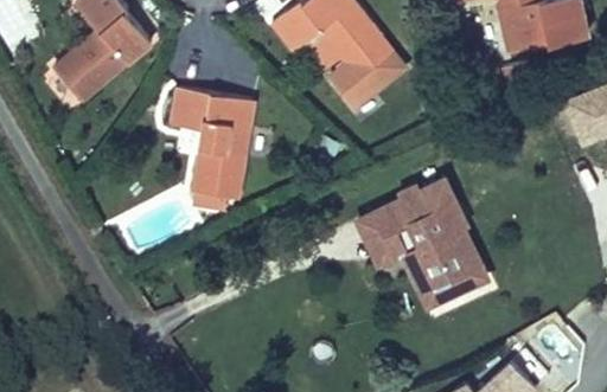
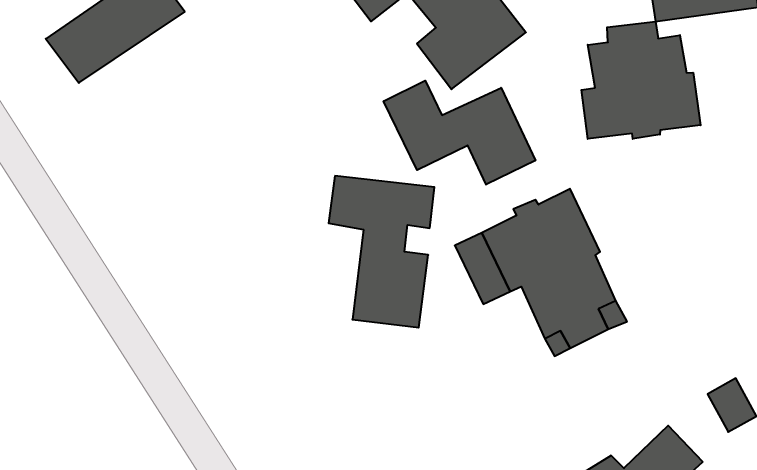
building: none -> [581,21,701,139]
building: [172,90,251,204] -> [329,176,434,328]
building: none -> [384,81,535,185]

